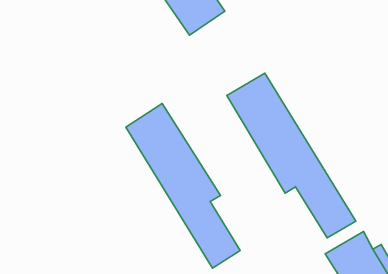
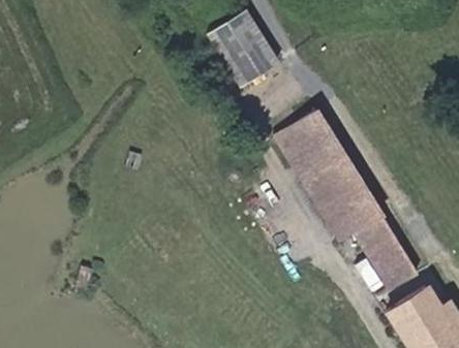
building: [126,104,240,268] -> none

